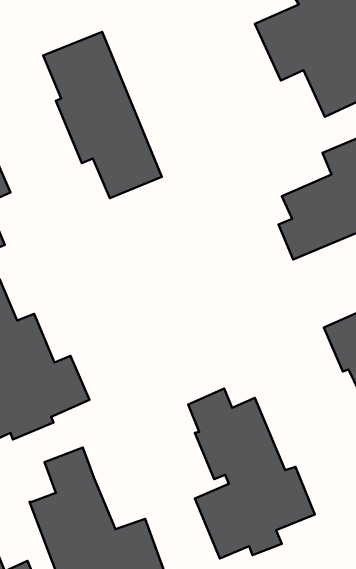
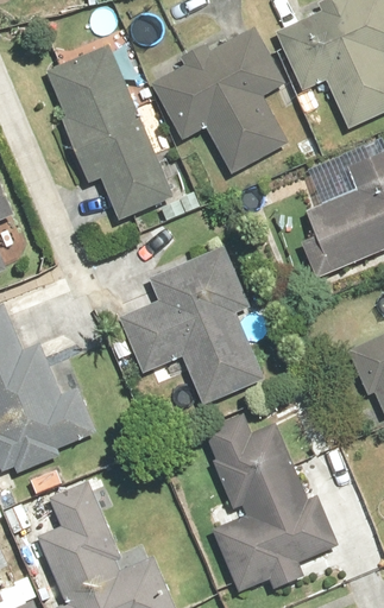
building: none -> [151,23,289,171]
building: none -> [121,243,265,403]

